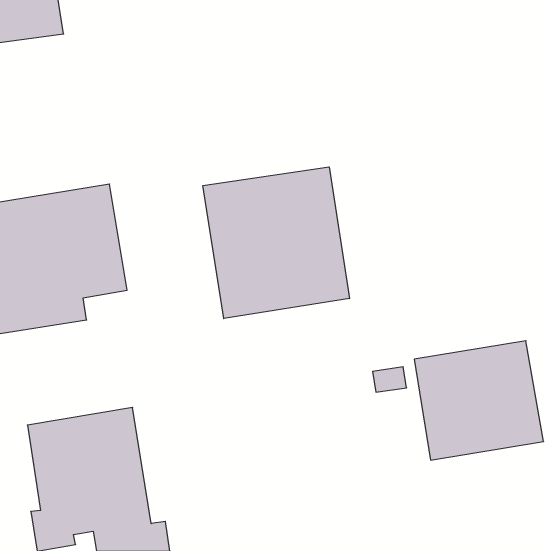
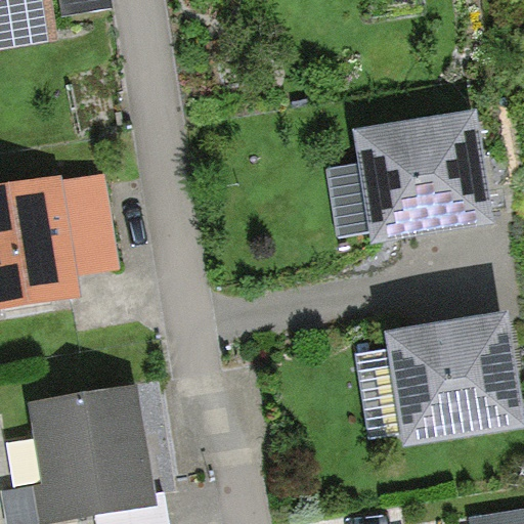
building: none -> [356,118,475,228]
building: [203,167,349,319] -> none

